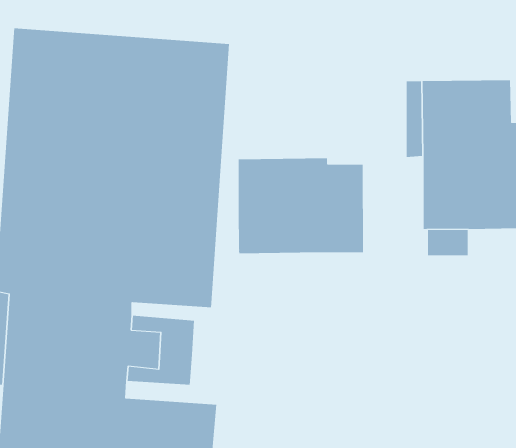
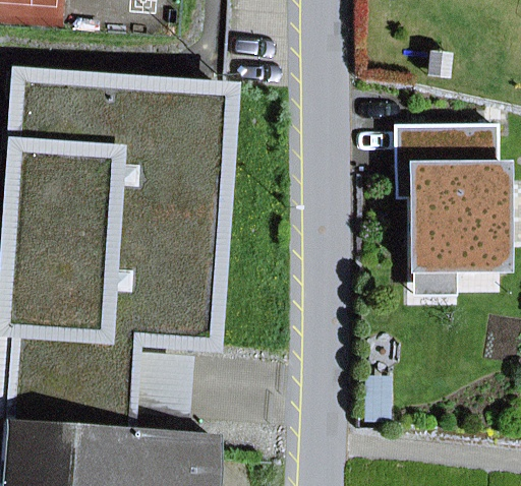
building: [238,157,363,254] -> none

